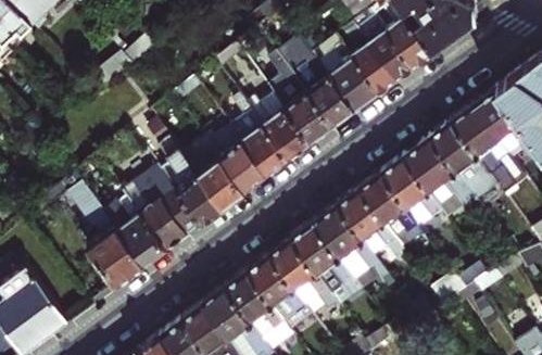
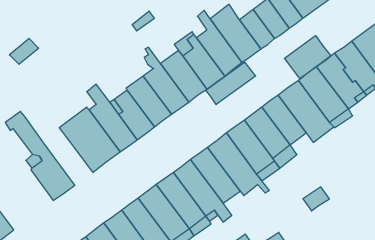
building: none -> [285,36,331,78]
building: none -> [206,62,256,105]
building: [105,200,167,267] -> none

